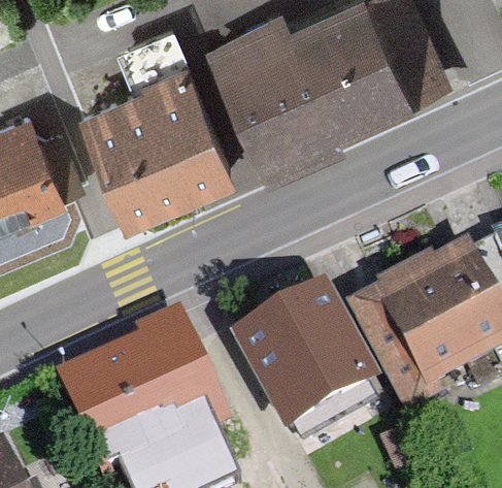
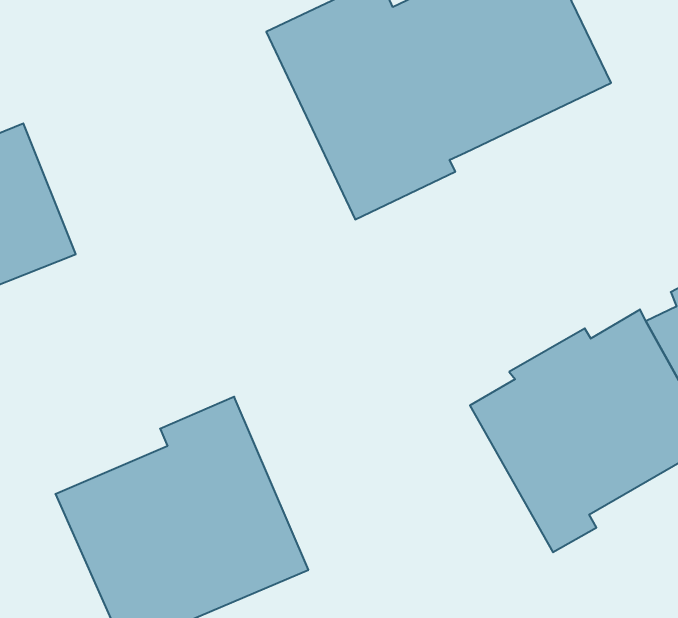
building: [81,30,235,223] -> none
building: [234,287,382,436] -> none

